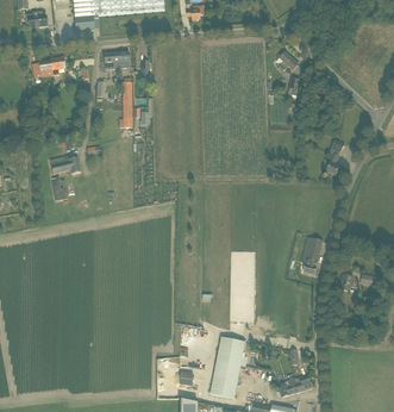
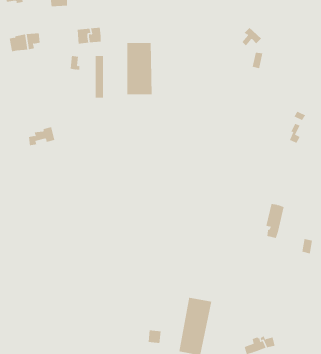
building: none -> [127,42,152,95]

